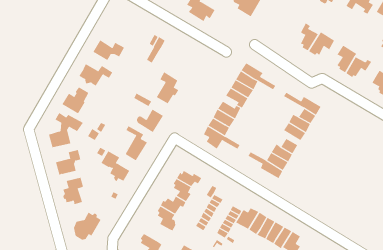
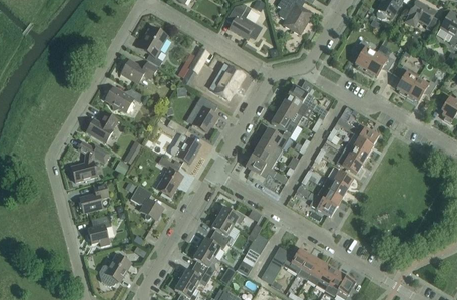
building: none -> [136,26,167,66]
building: none -> [208,66,244,99]
building: none -> [178,268,211,288]

